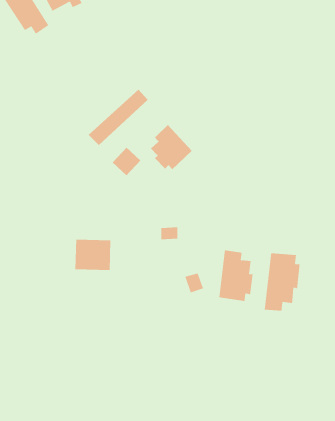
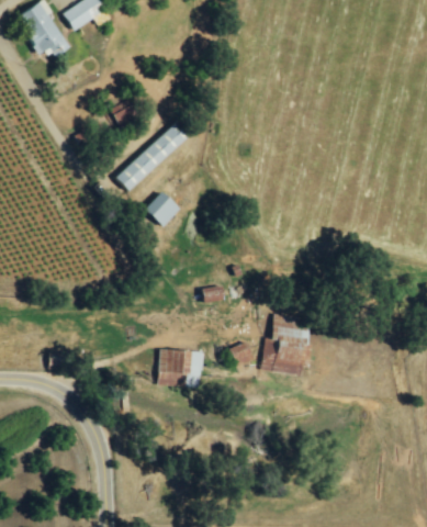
building: [150,124,192,170] -> none
building: [75,239,111,270] -> [158,349,202,386]
building: [264,252,300,311] -> none

